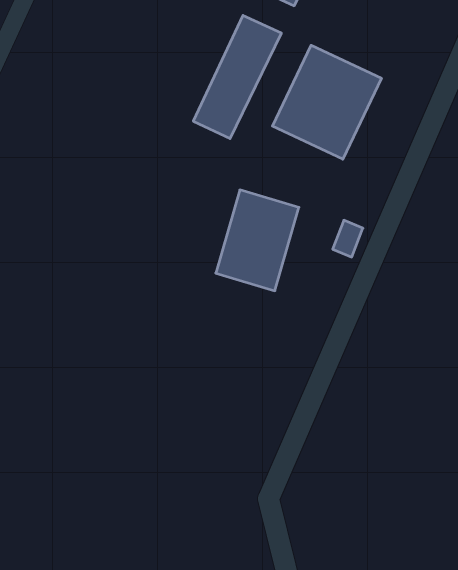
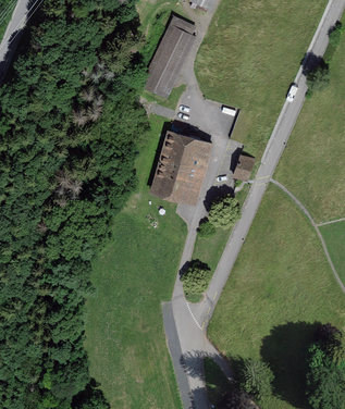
building: [272,45,381,159] -> none

